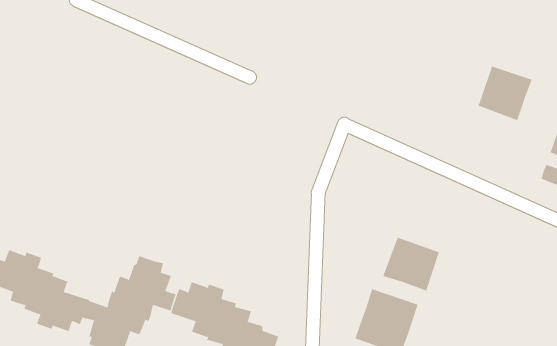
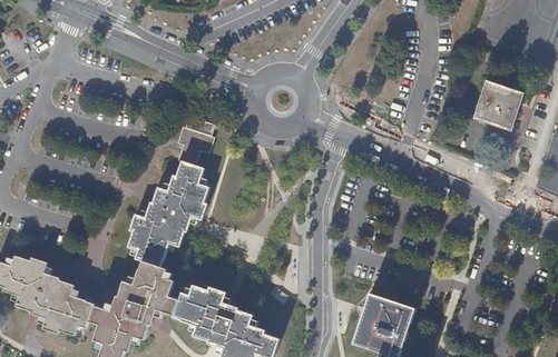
building: none -> [127,116,216,266]
building: [383,237,440,291] -> none

